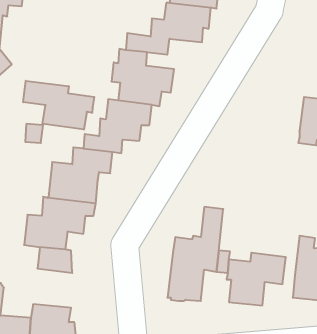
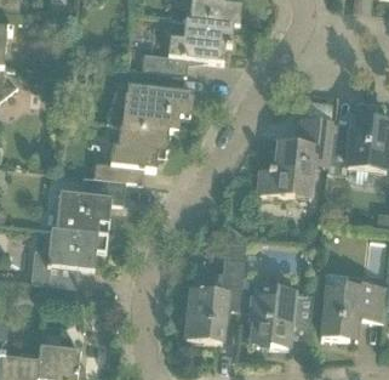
building: [23,81,94,130] -> none
building: none -> [258,117,333,197]

